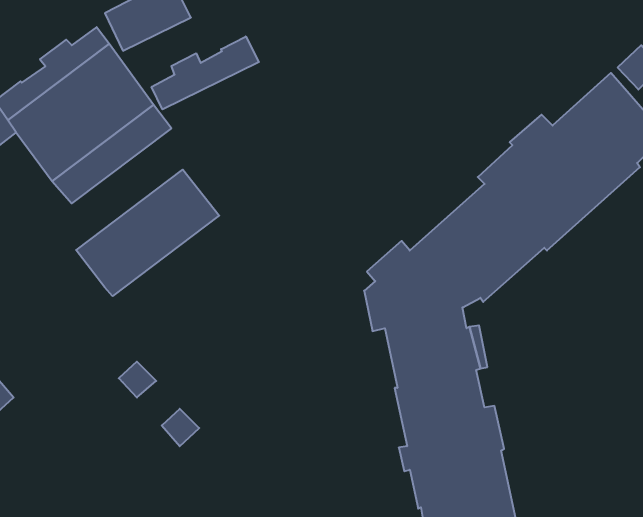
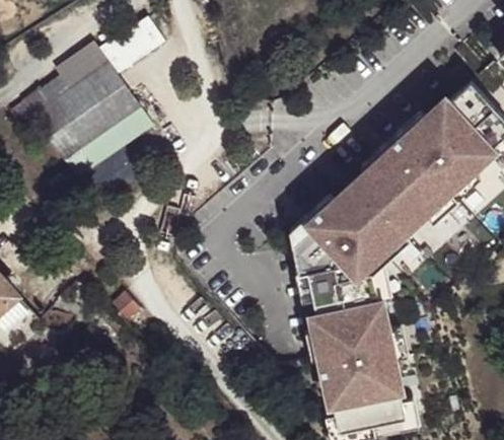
building: [152,36,259,109] -> none
building: [76,170,219,296] -> none

